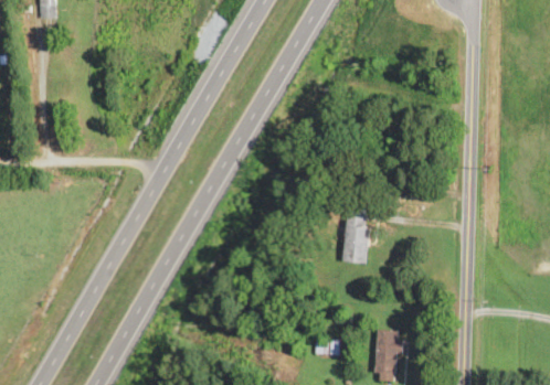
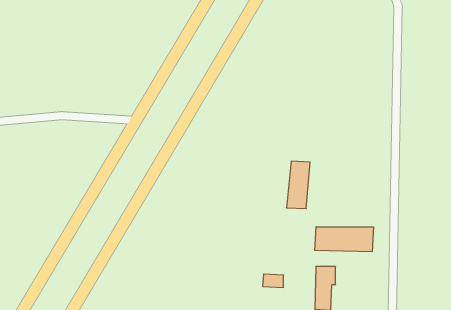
building: none -> [315,227,373,252]

